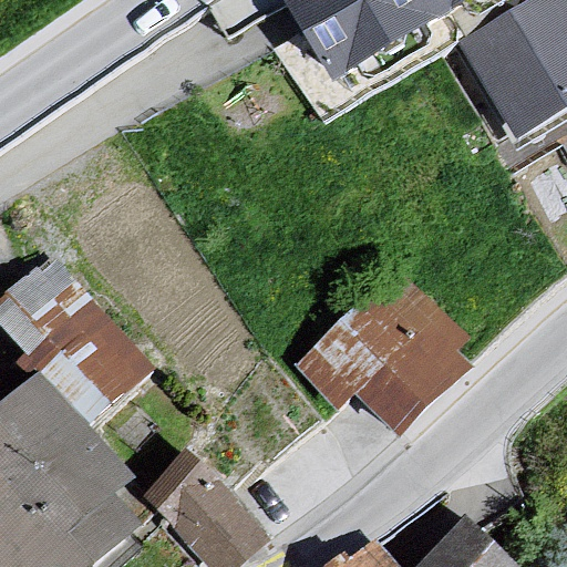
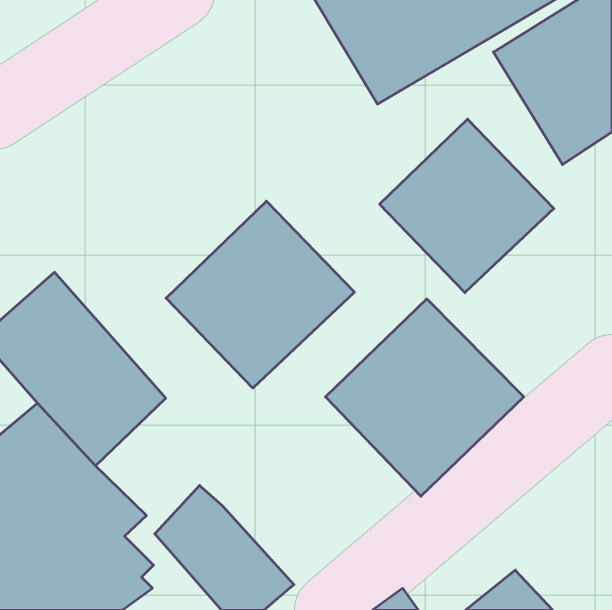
building: none -> [380,119,554,293]
building: none -> [166,201,354,388]

